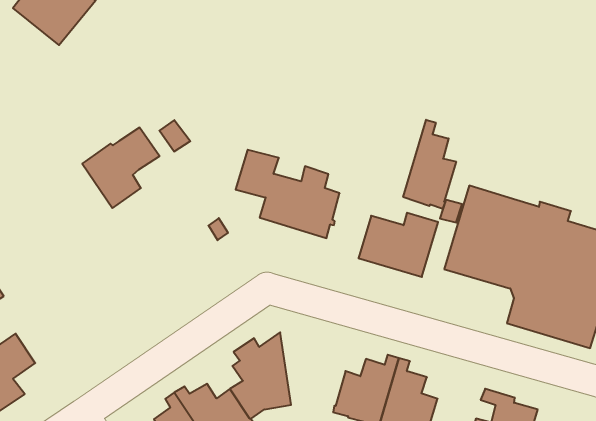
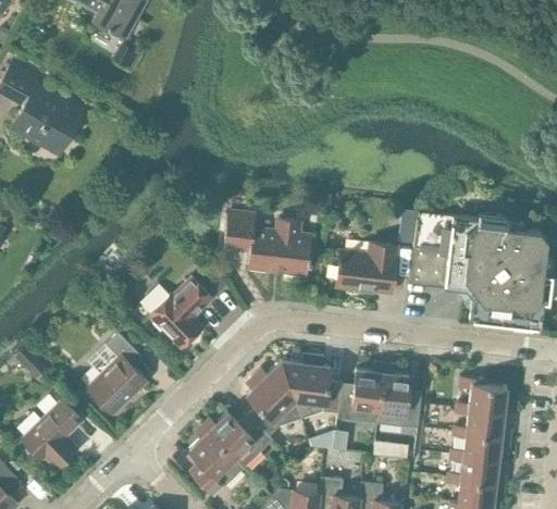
building: [403,120,456,209] -> none
building: [82,128,160,208] -> [149,277,212,348]
building: none -> [86,333,146,414]
building: none -> [281,355,341,419]

